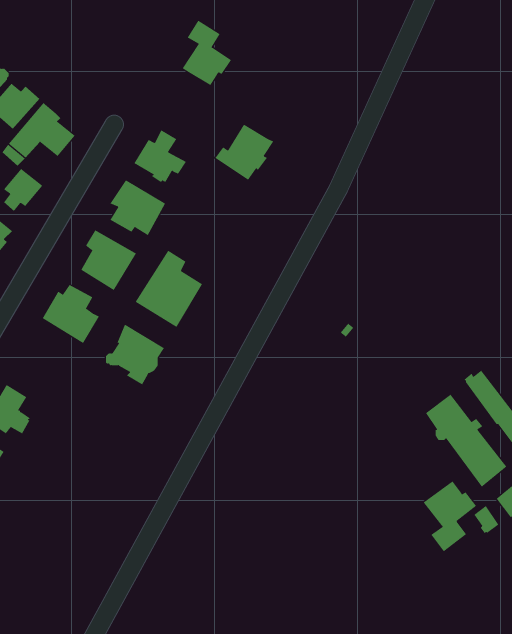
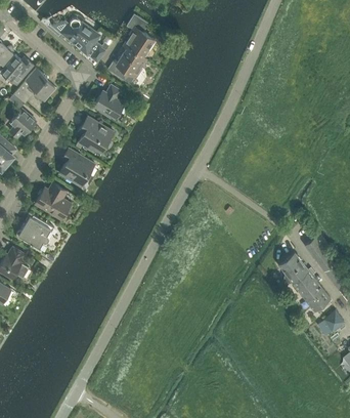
building: none -> [62,18,105,62]
building: [215,124,274,180] -> [108,48,146,84]
building: [135,250,203,328] -> none
building: [105,324,165,385] -> [16,213,54,252]
building: [423,481,477,552] -> none

